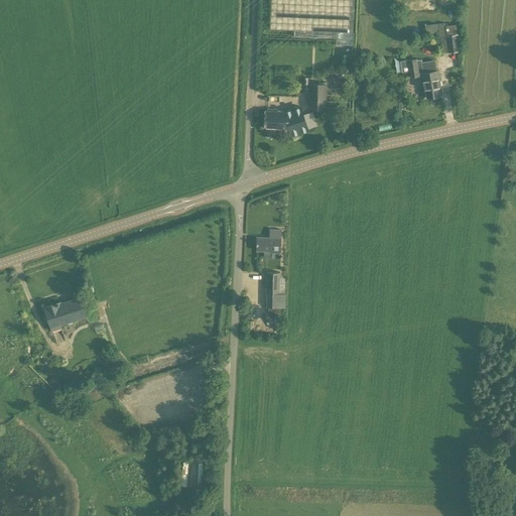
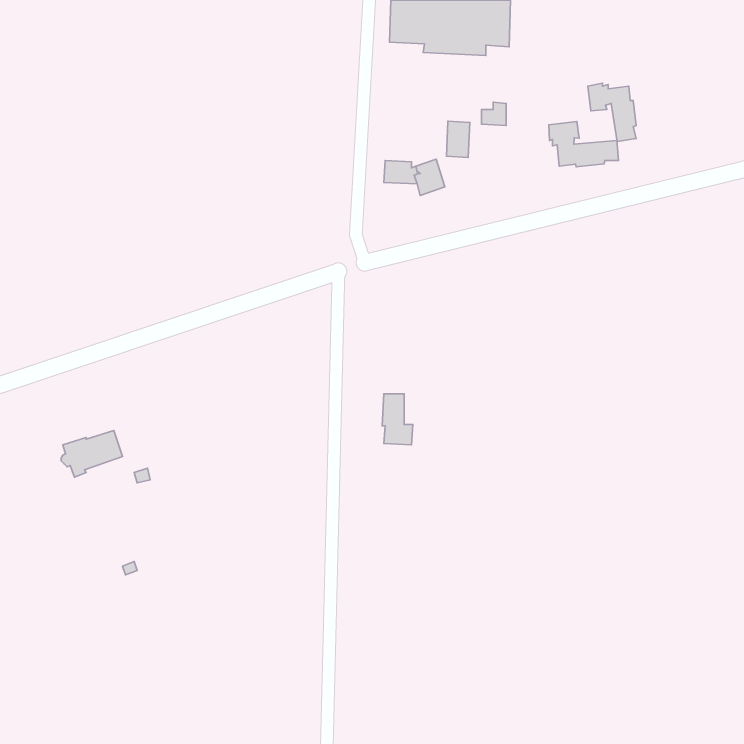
building: [423,23,459,53] -> none
building: none -> [549,122,618,167]
building: [256,230,280,253] -> none

